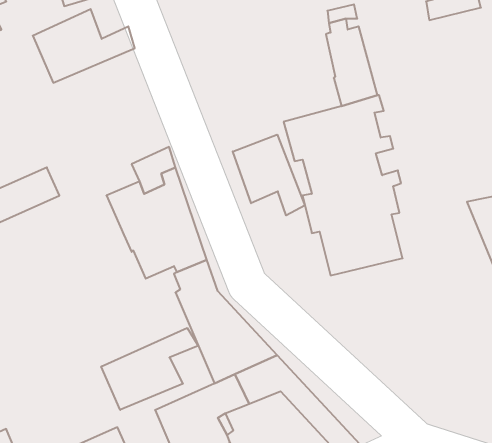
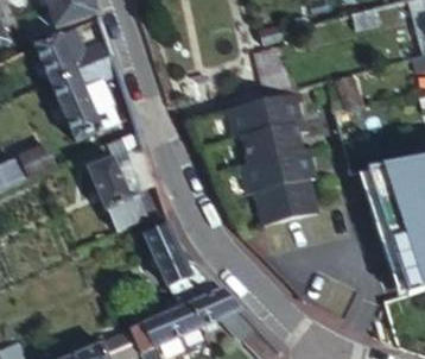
building: none -> [51,55,119,140]
building: [233,135,305,215] -> none
building: [101,328,198,410] -> none

